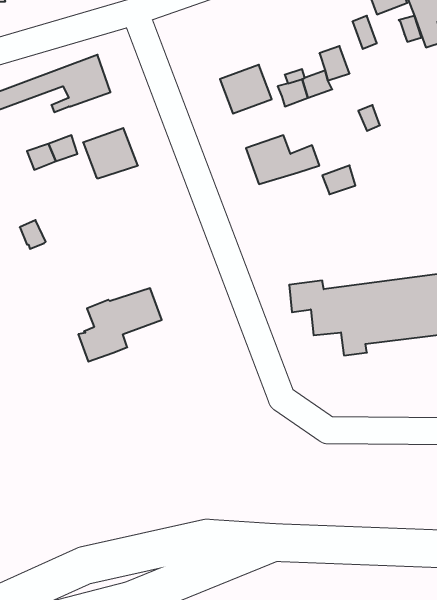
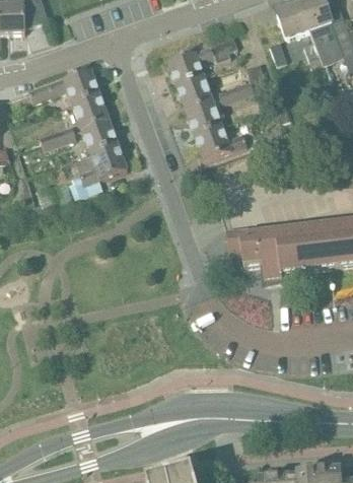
building: none -> [166,36,238,85]
building: none -> [71,94,109,130]
building: none -> [186,99,221,134]
building: [78,288,162,362] -> [68,146,127,198]

